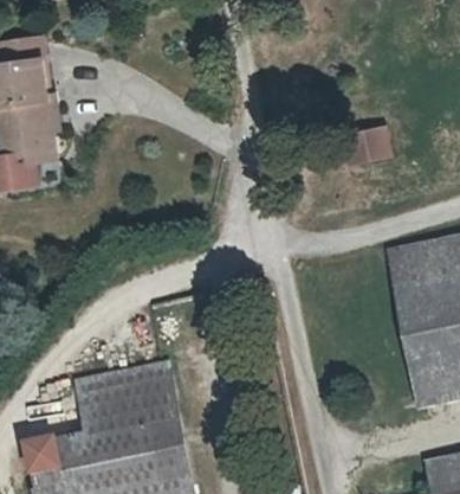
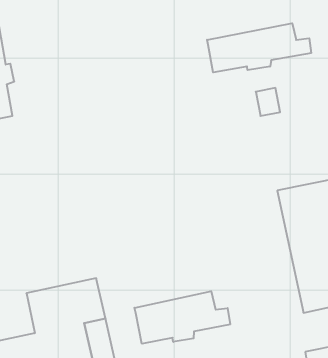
building: none -> [207,23,311,72]
building: none -> [134,291,230,344]

